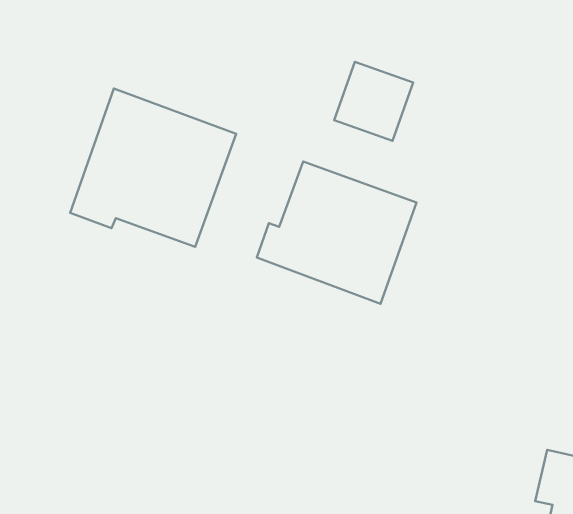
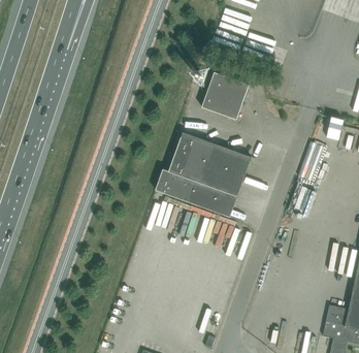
building: [70,88,236,247] -> none

